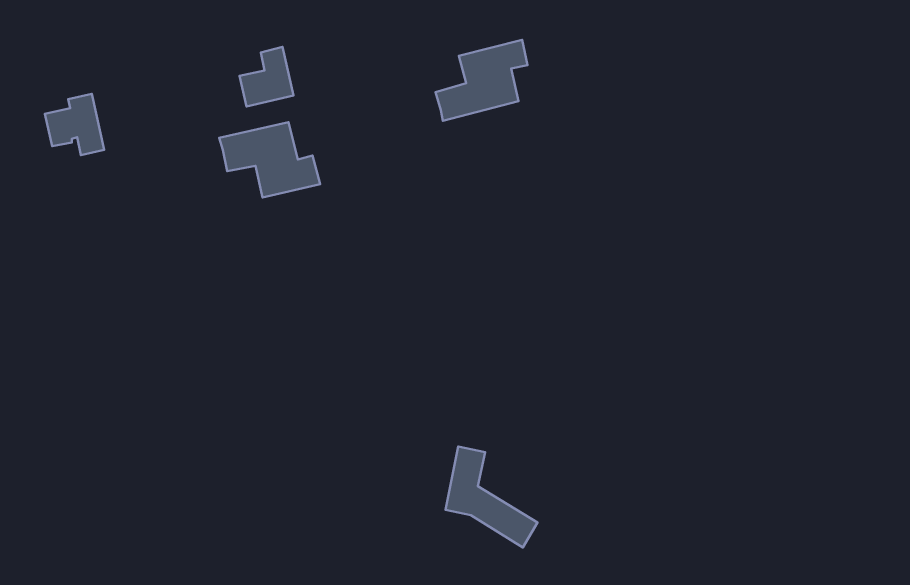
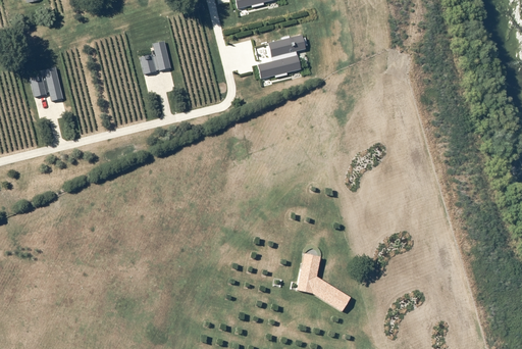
building: [219,122,320,198] -> none
building: [446,447,537,548] -> [298,253,350,310]

